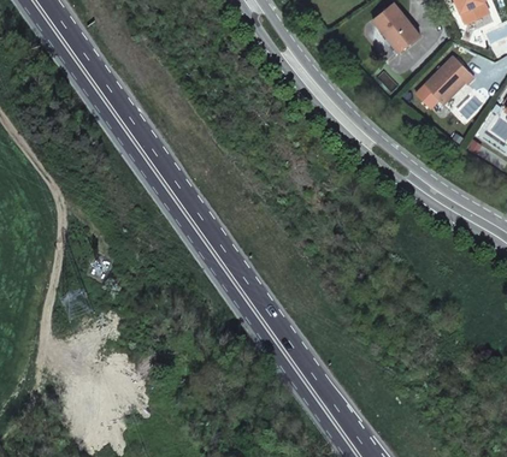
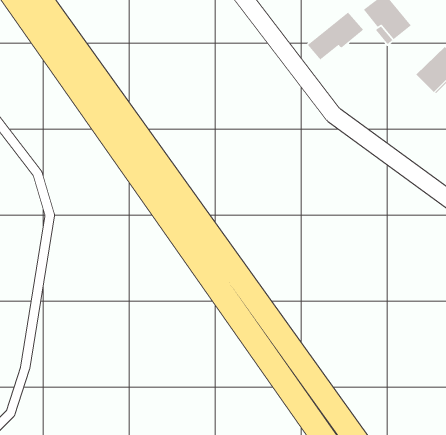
building: none -> [307,11,364,61]

